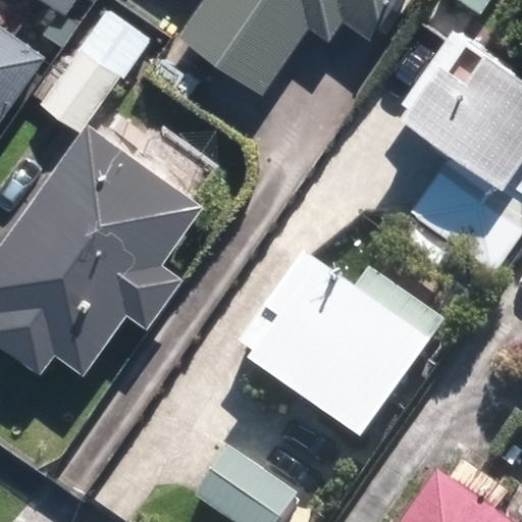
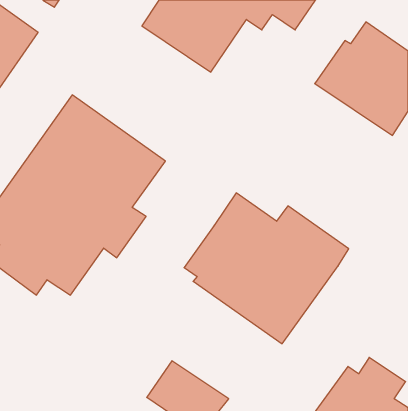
building: [40,9,154,134] -> none

